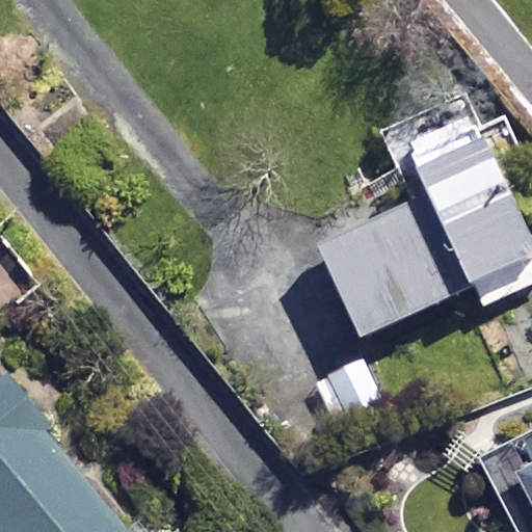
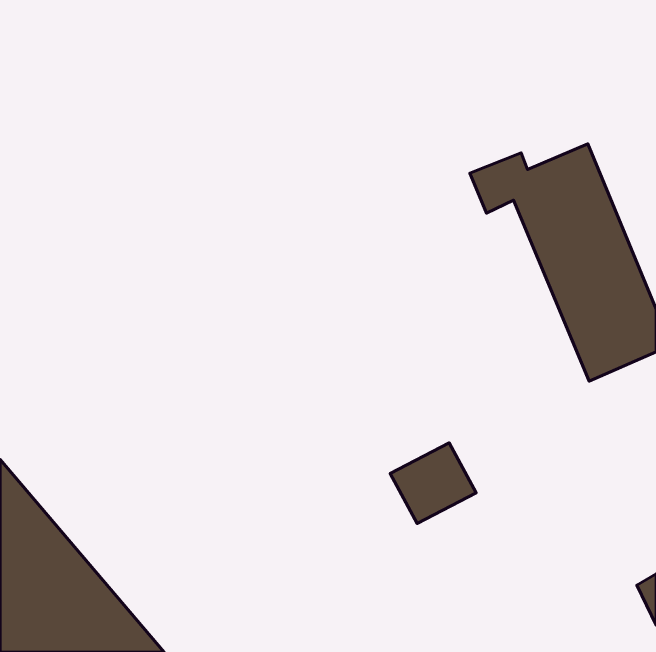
building: [316,202,453,338] -> none

